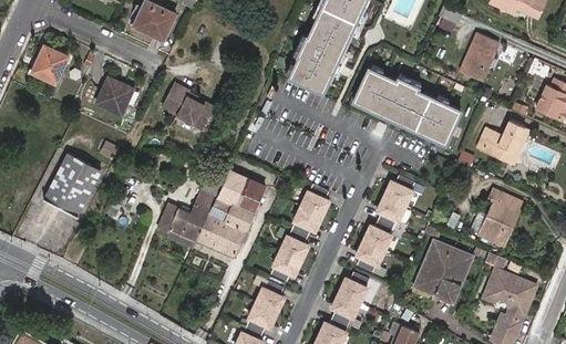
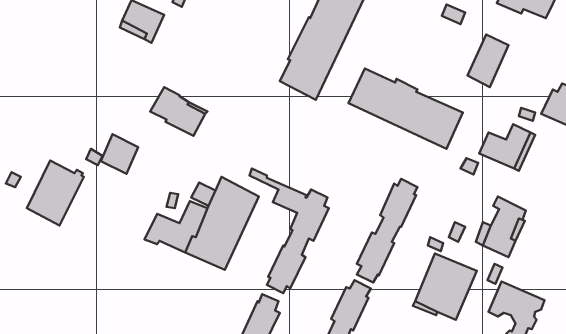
building: [32,45,66,84] -> none
building: [95,77,131,115] -> [101,134,138,174]

